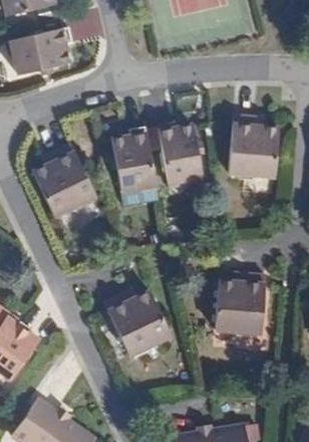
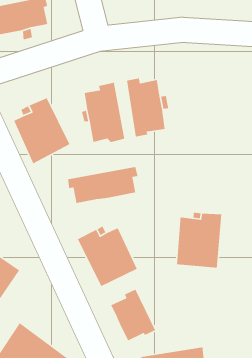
building: [228,115,280,181] -> none
building: none -> [67,166,139,204]
building: none -> [110,289,156,342]

